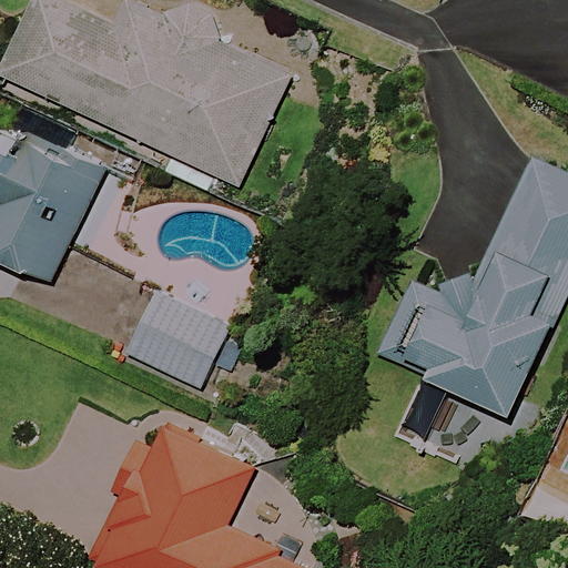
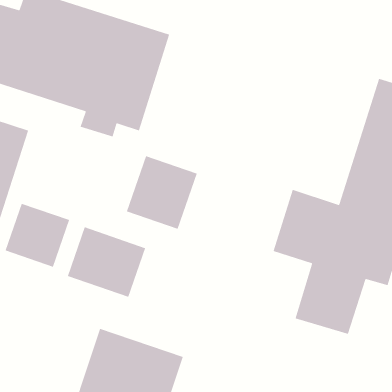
building: none -> [126,155,198,230]
building: none -> [4,203,70,268]

